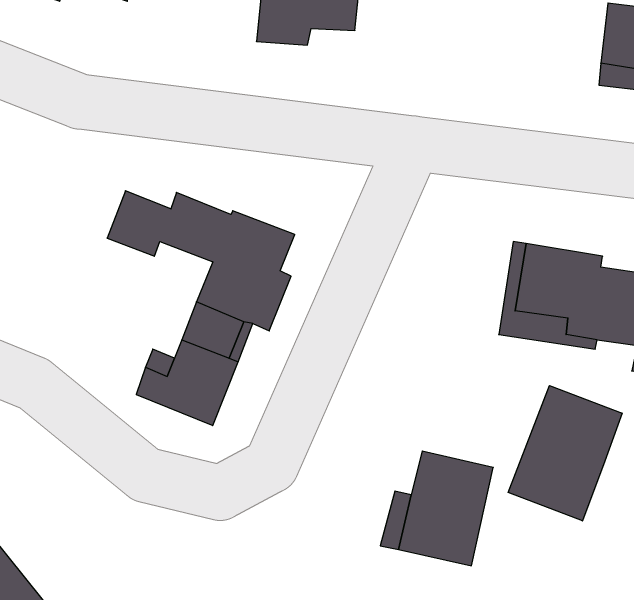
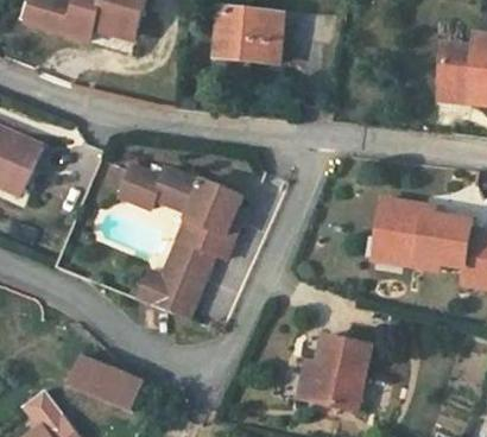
building: [508,386,622,521] -> none
building: none -> [68,354,144,411]

